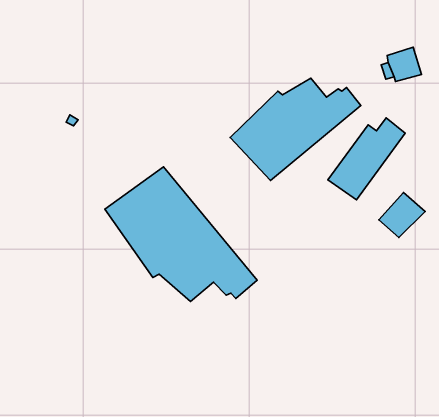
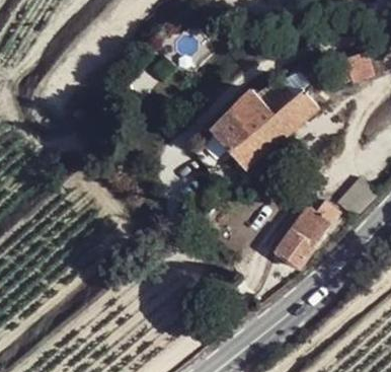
building: [328,118,405,200] -> [272,200,338,270]
building: [105,167,257,301] -> none

